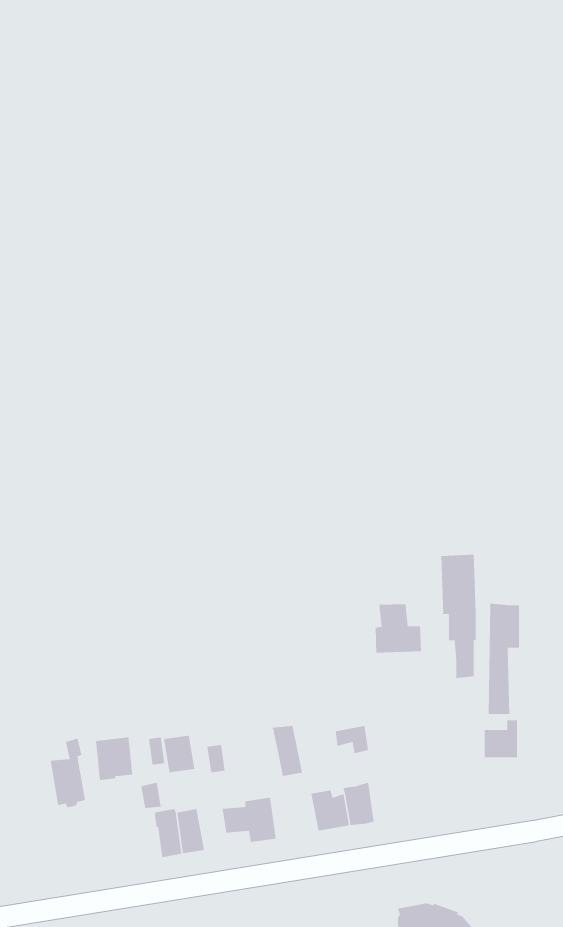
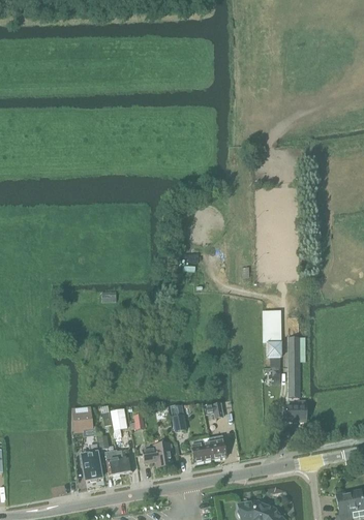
building: [375,603,421,654] -> none
building: [50,738,86,808] -> [81,442,100,481]

